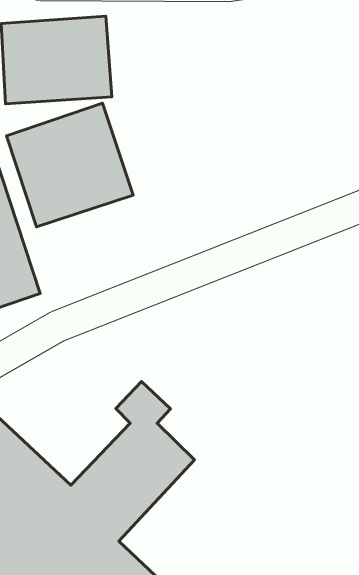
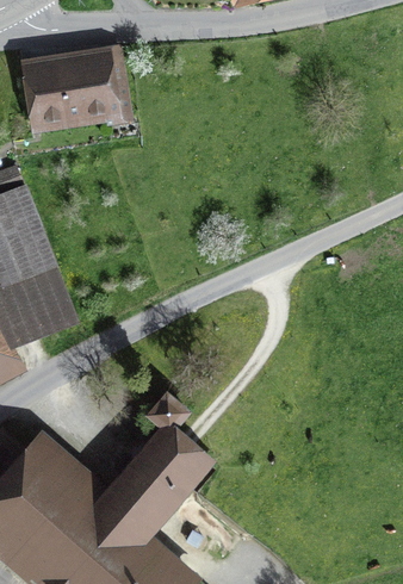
building: [6,103,133,227] -> none

